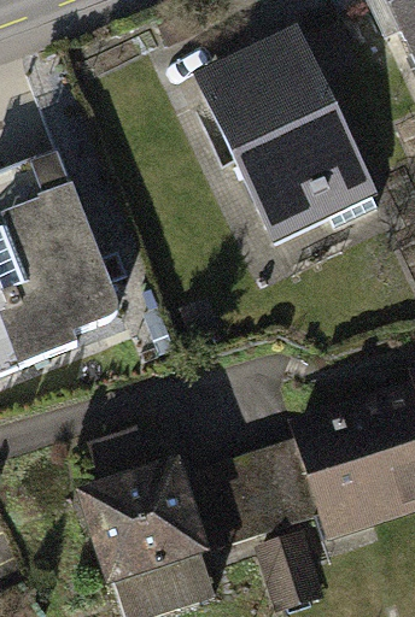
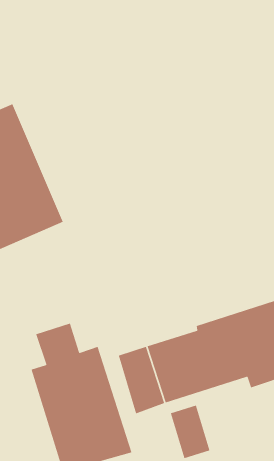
building: [206,52,362,245] -> none

